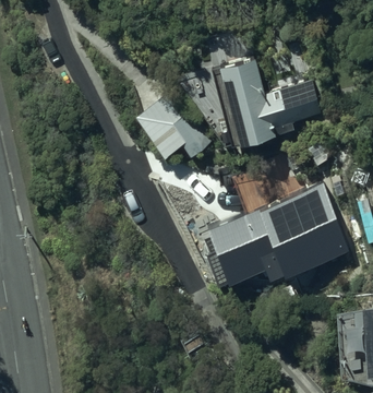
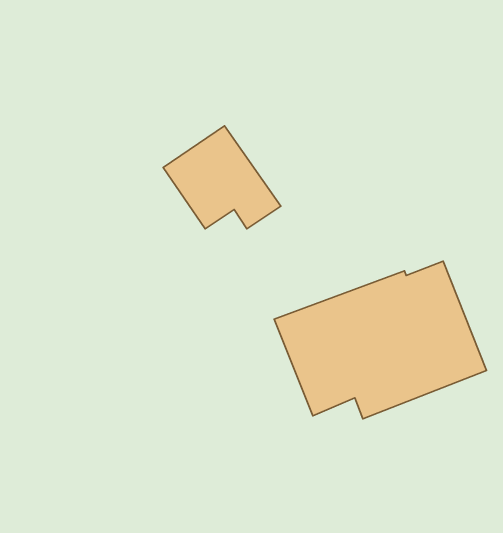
building: [218,59,324,148] -> none

